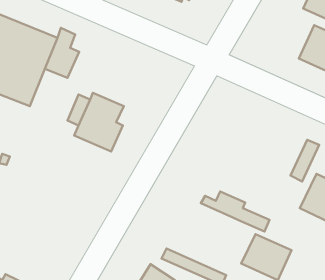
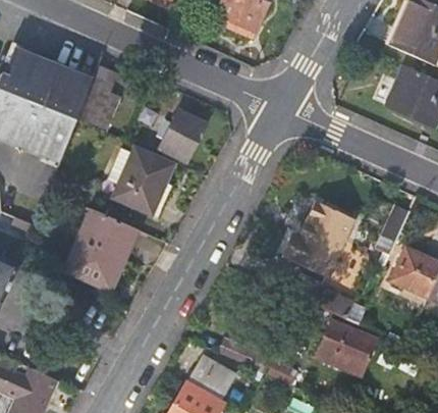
building: none -> [155,110,205,162]
building: none -> [281,201,355,277]
building: none -> [64,209,136,290]

